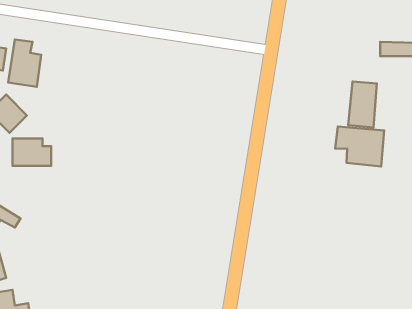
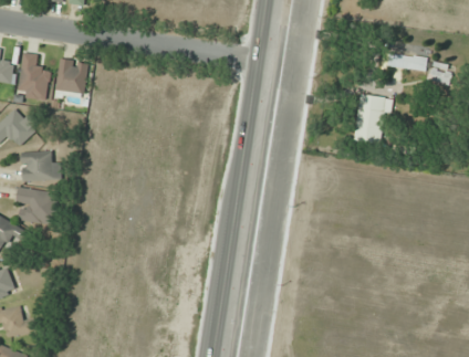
building: none -> [55,60,87,94]
building: [335,126,384,166] -> none
building: none -> [15,187,60,225]

